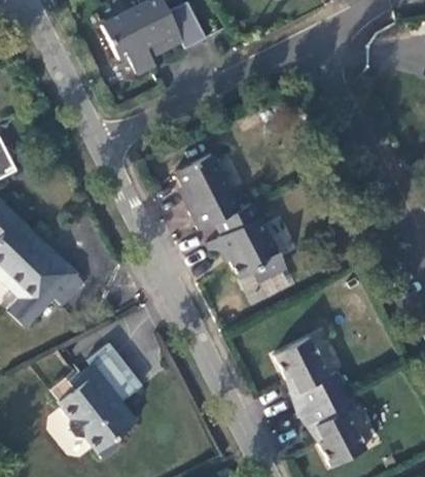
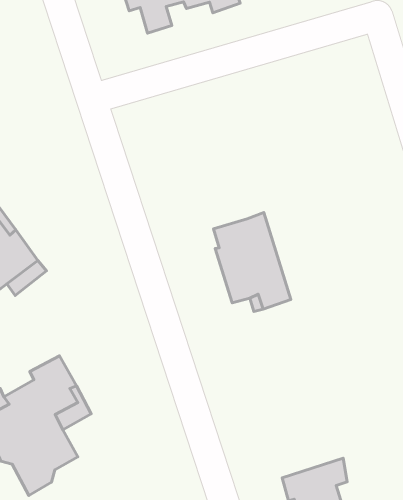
building: [174,154,239,230] -> none
building: [272,337,347,411] -> none

